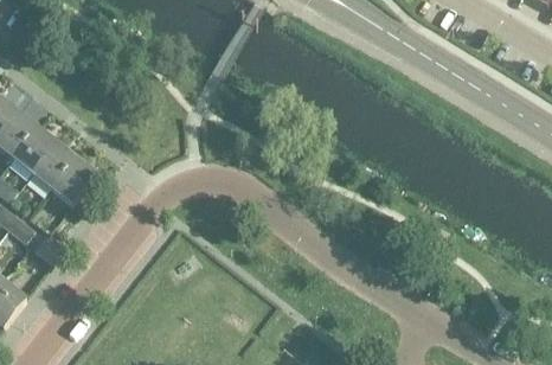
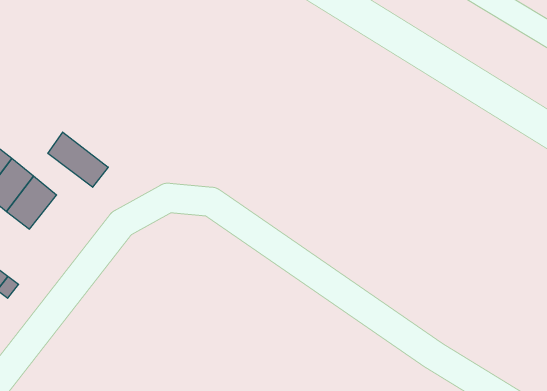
building: none -> [48,132,108,187]

